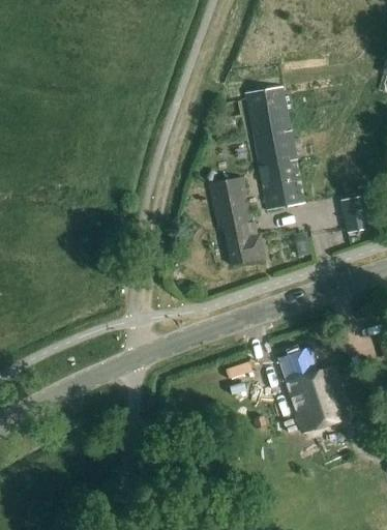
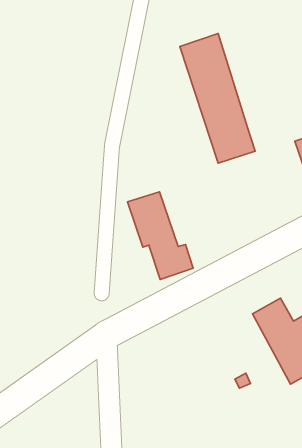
building: [210,179,264,263] -> [128,192,193,279]

